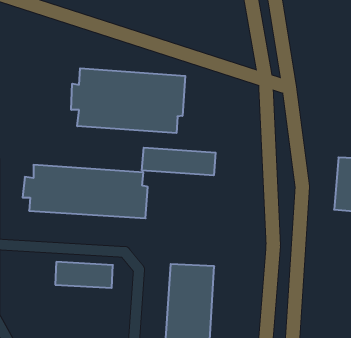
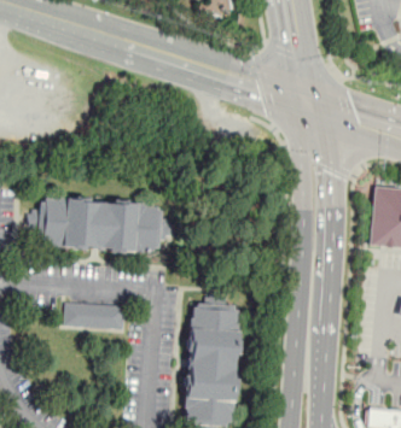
building: [71,68,185,133] -> none
building: [142,148,216,175] -> none

